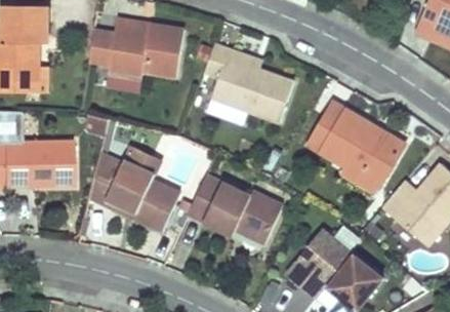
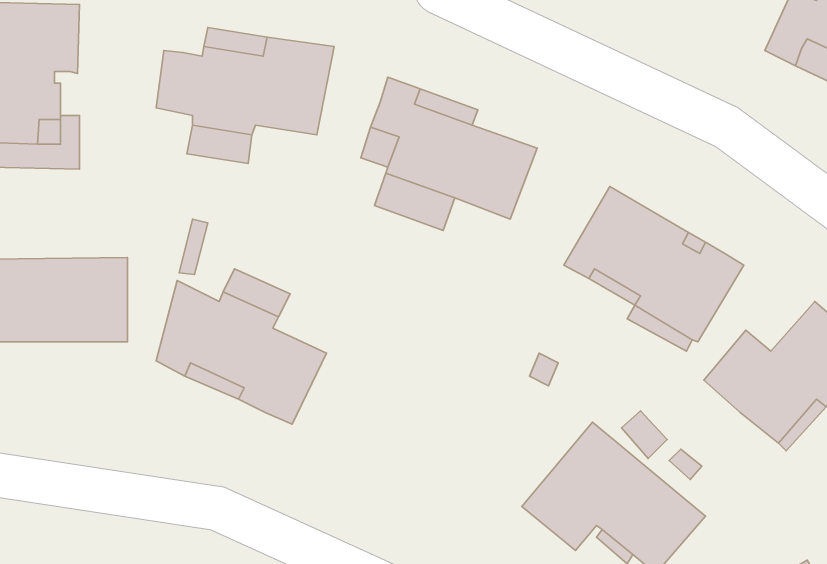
building: [188,174,283,243] -> none

